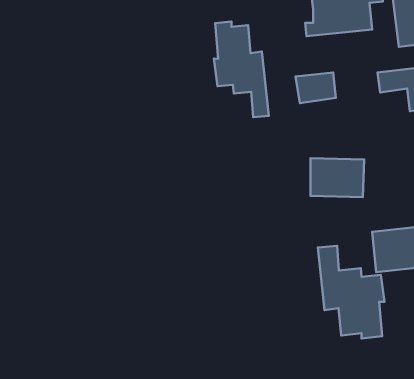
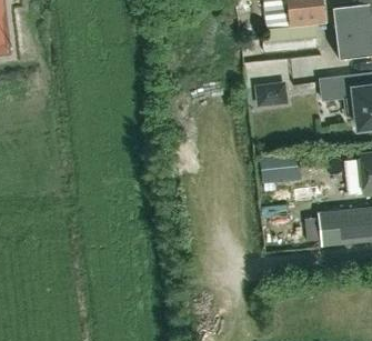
building: [214,22,269,117] -> none
building: [318,246,384,338] -> none

